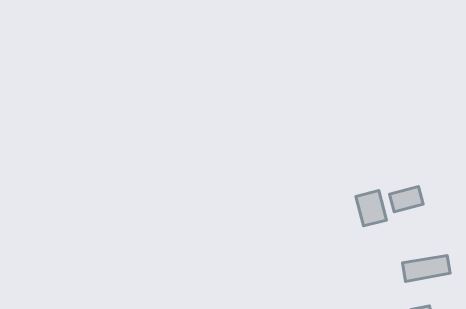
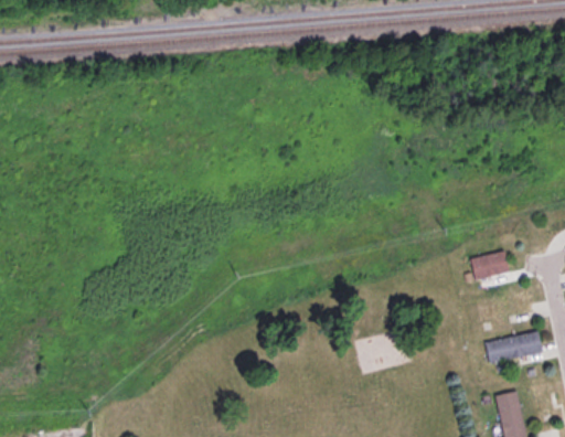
building: [356,191,386,226] -> none

